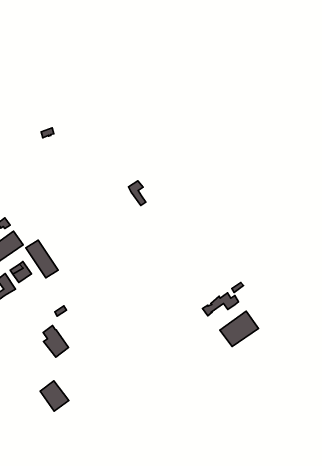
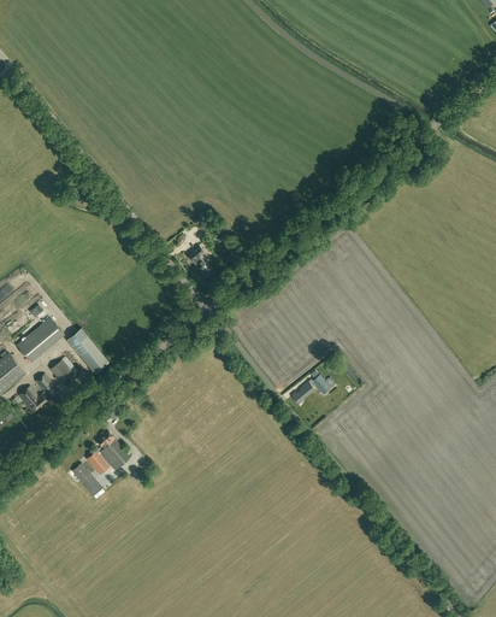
building: [220,311,258,347] -> none
building: [40,381,69,411] -> [71,456,107,493]

